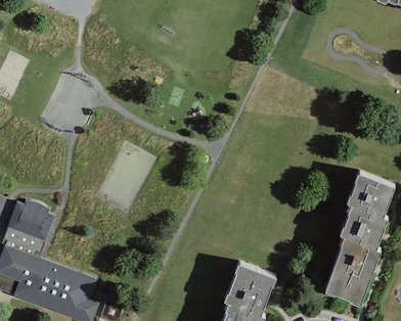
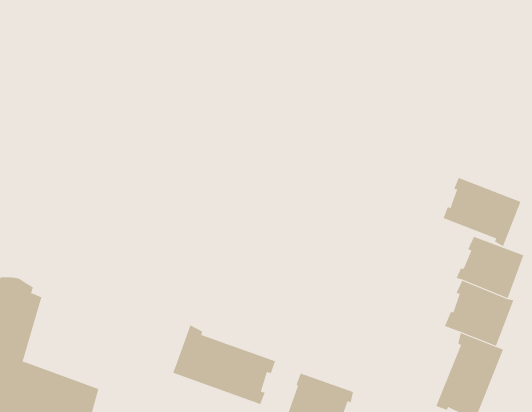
building: none -> [443,177,521,247]
building: none -> [173,325,276,405]

